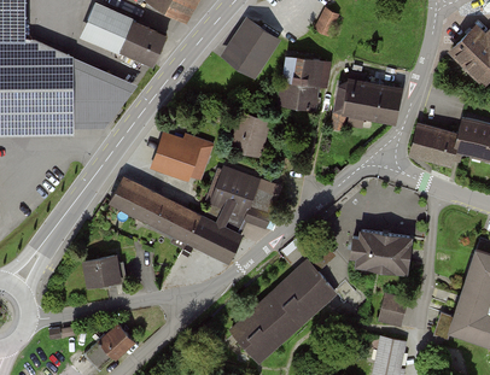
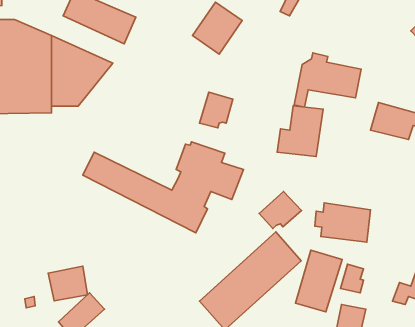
building: [270,57,319,110] -> [277,106,323,157]
building: [154,135,210,178] -> none
building: none -> [259,192,301,228]
building: [83,256,124,292] -> [48,266,88,301]
building: none -> [296,250,342,312]

